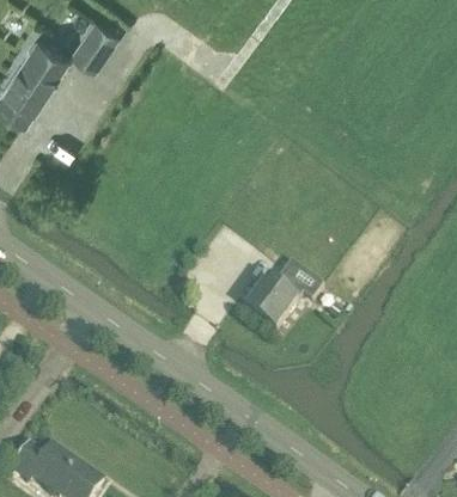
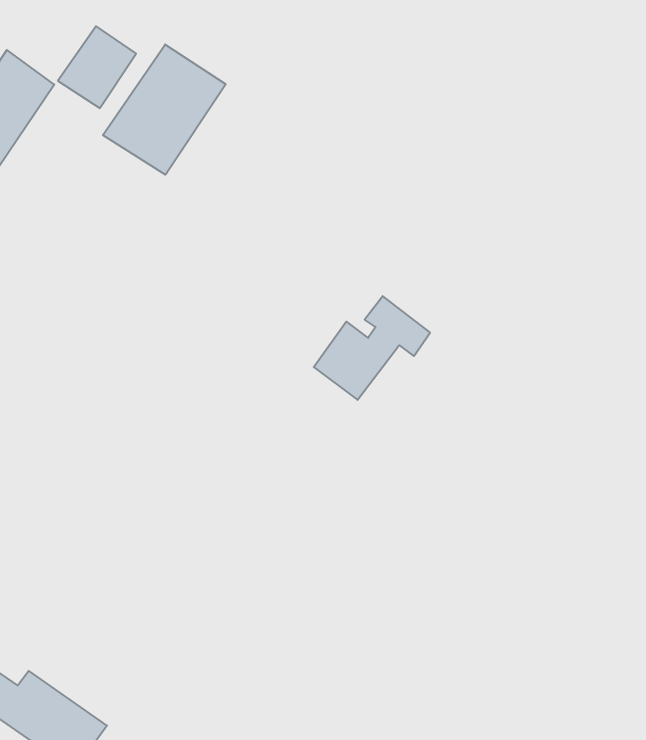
building: none -> [103,44,226,175]
building: [243,263,319,331] -> [314,296,430,400]

